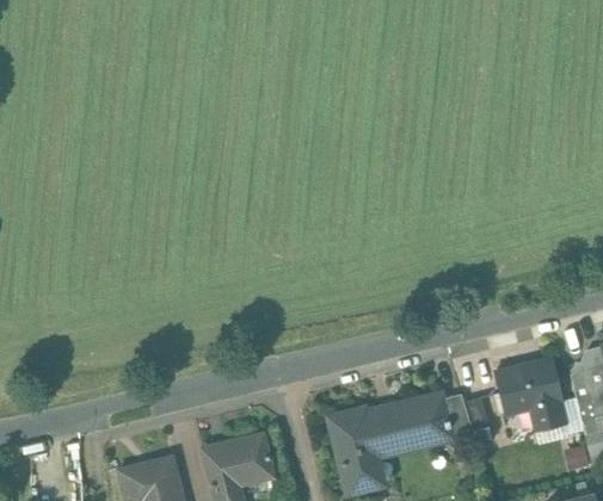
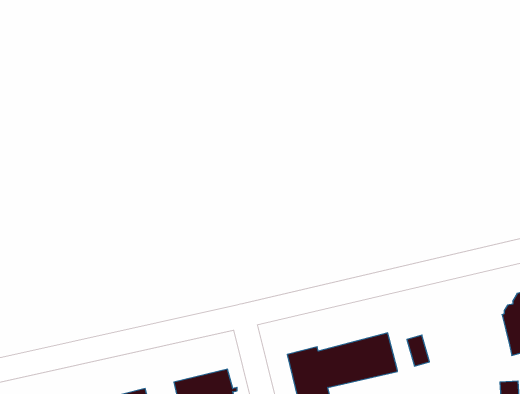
building: [494,357,565,429] -> none
building: [443,394,472,435] -> none

